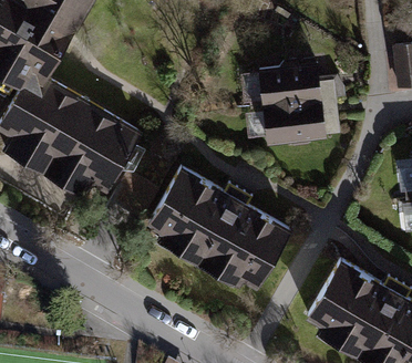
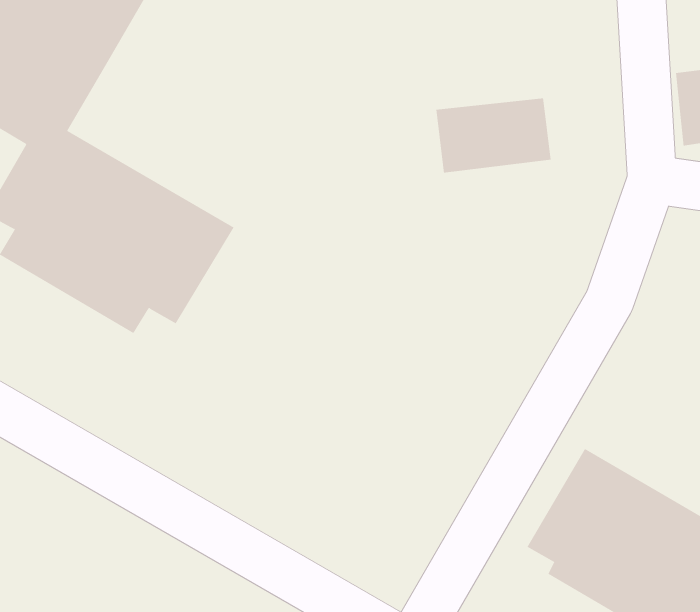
building: [260,94,327,139] -> none
building: [148,167,290,286] -> none

